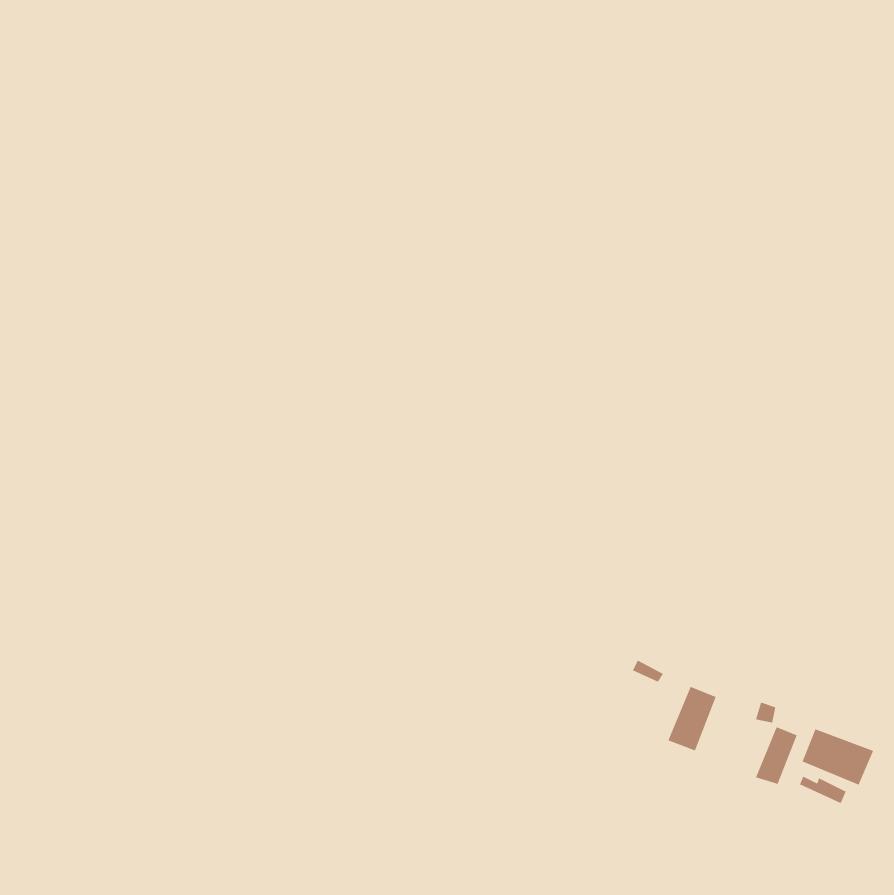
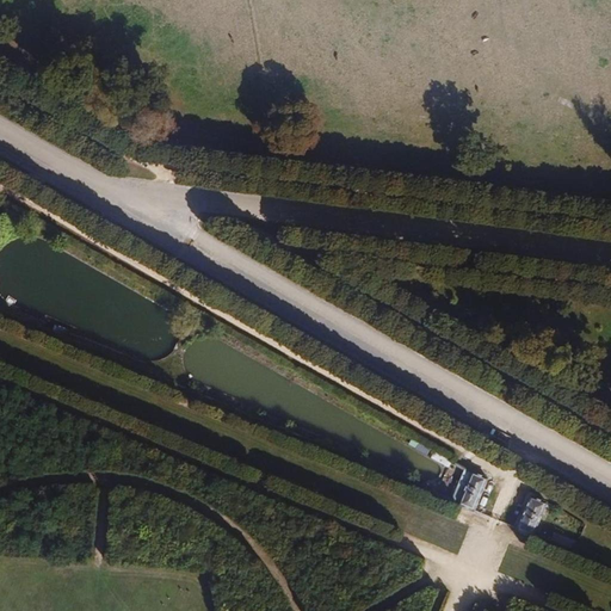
building: [802,729,874,786] -> none

